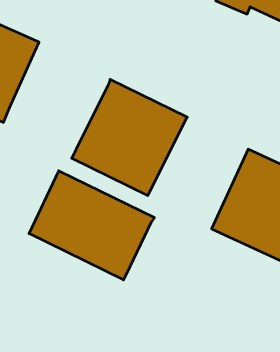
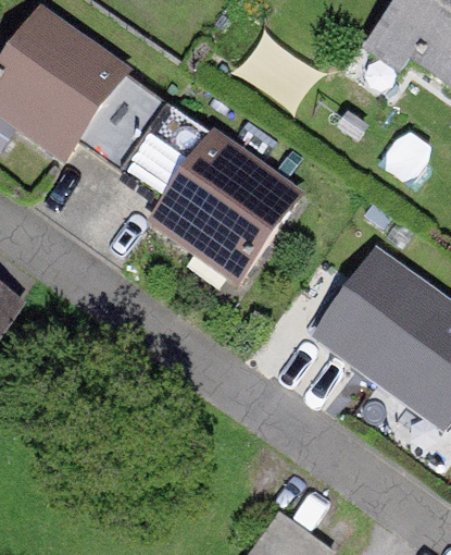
building: none -> [80,75,211,200]
building: [29,171,154,280] -> none

